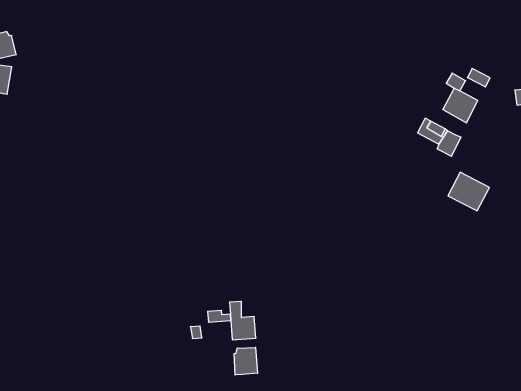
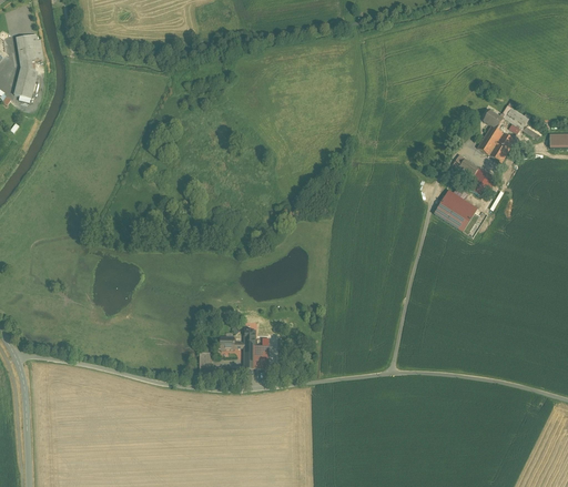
building: [448,172,489,211] -> [434,191,477,232]
building: [234,347,257,375] -> none

